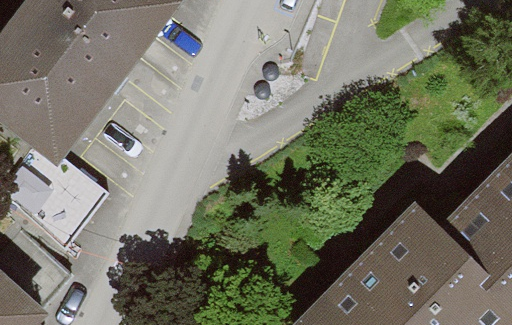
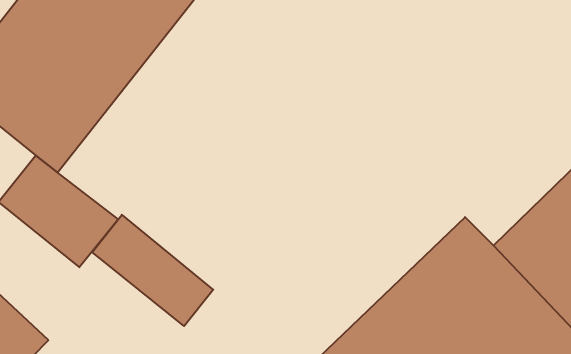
building: none -> [92,215,213,326]

